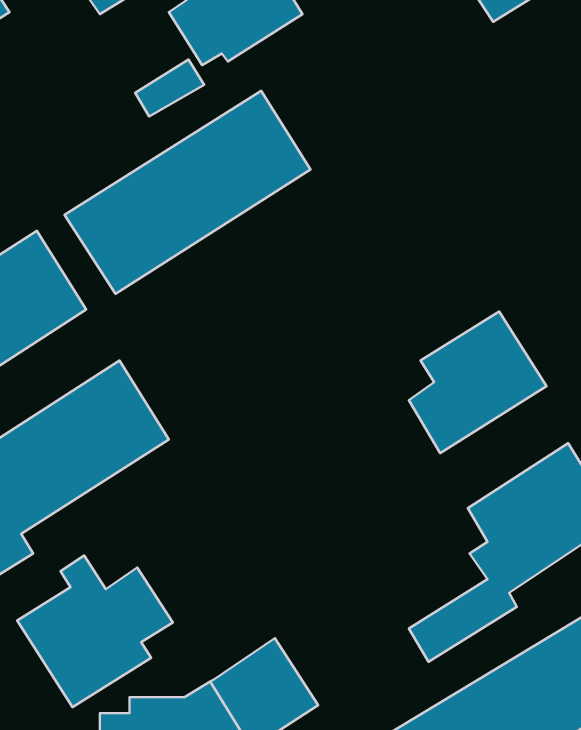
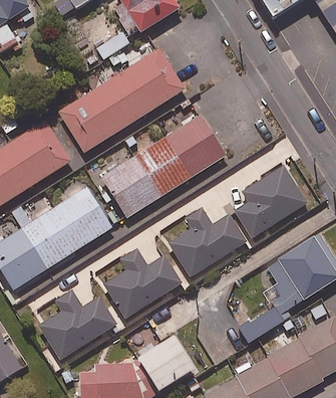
building: none -> [103,118,229,220]
building: none -> [169,208,248,275]
building: none -> [103,248,182,317]

